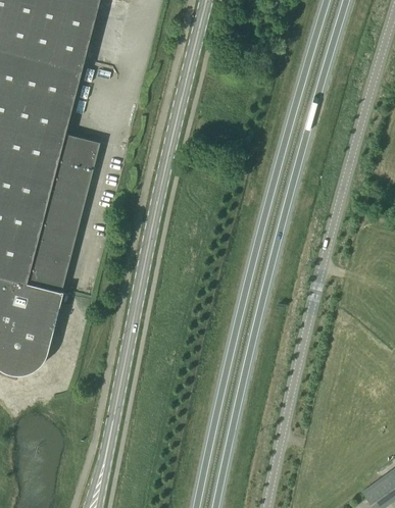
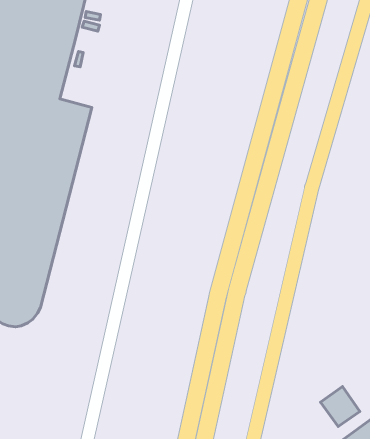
building: none -> [320,387,360,426]

